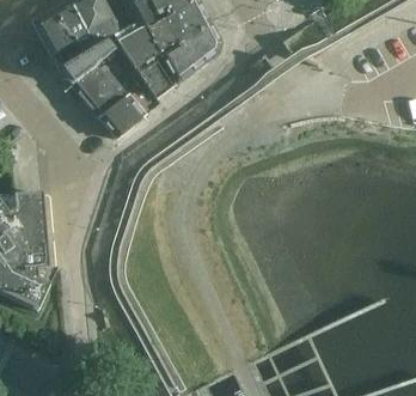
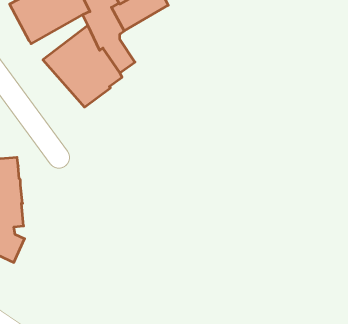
building: [153,22,218,85] -> none
building: [54,32,117,83] -> none

